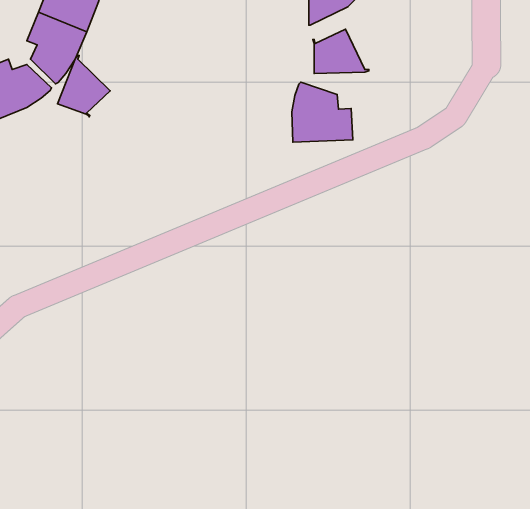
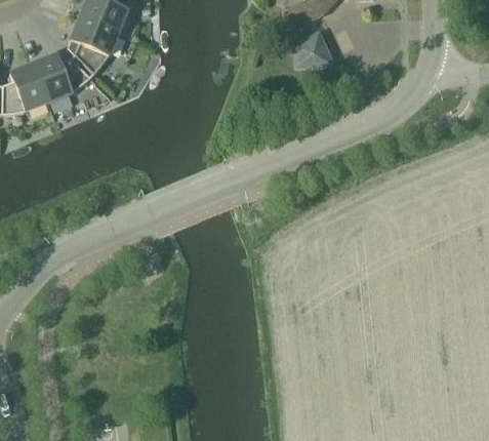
building: [57,55,110,117] -> none
building: [292,82,353,142] -> none

